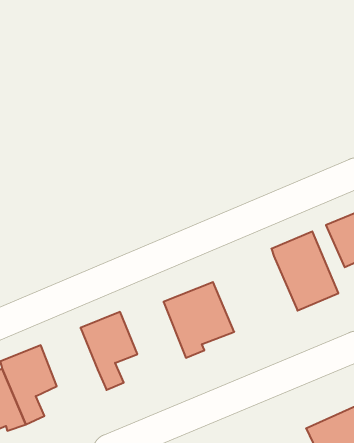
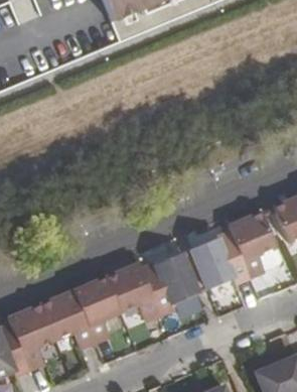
building: none -> [190,232,250,289]
building: none -> [106,263,159,320]
building: none -> [41,290,95,347]

